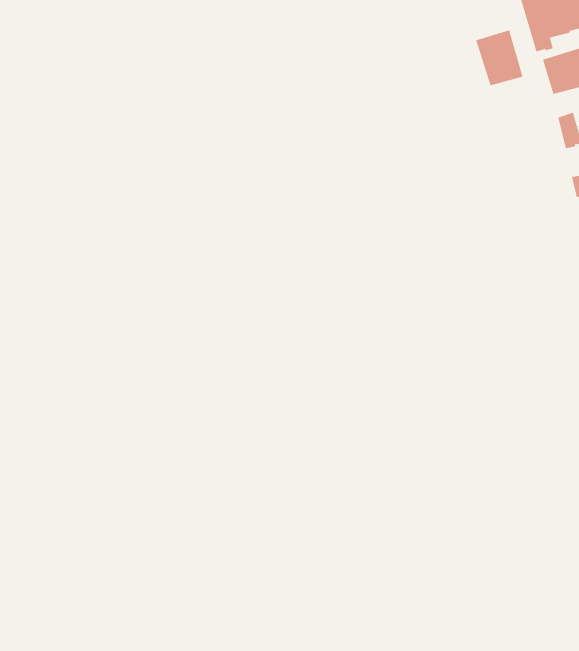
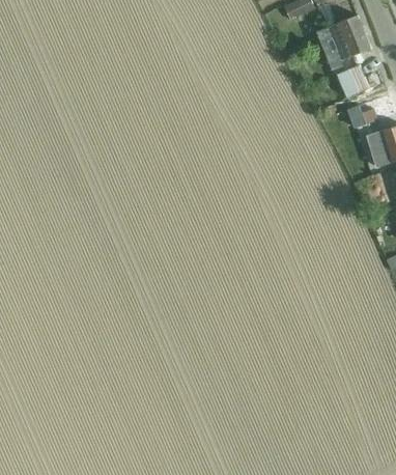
building: [476,30,523,86] -> none

